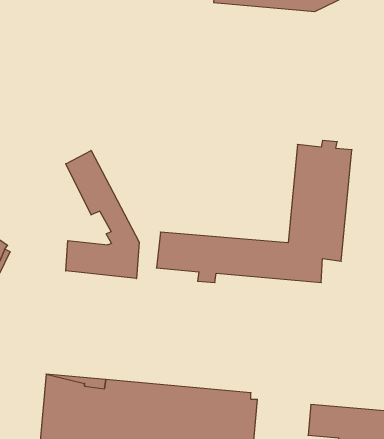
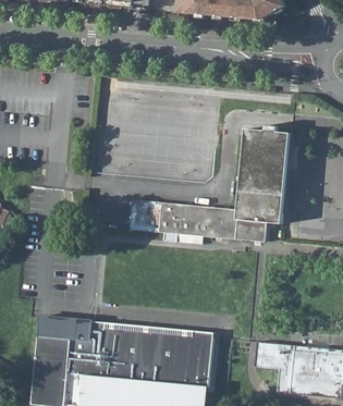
building: [66,150,139,279] -> none

